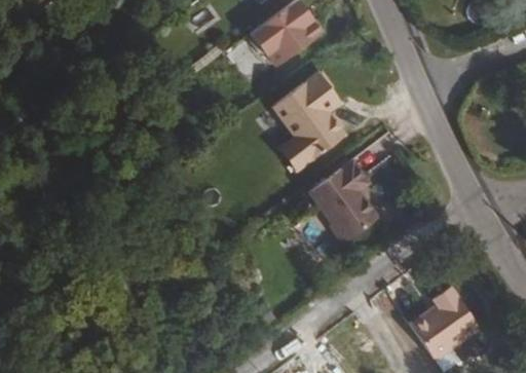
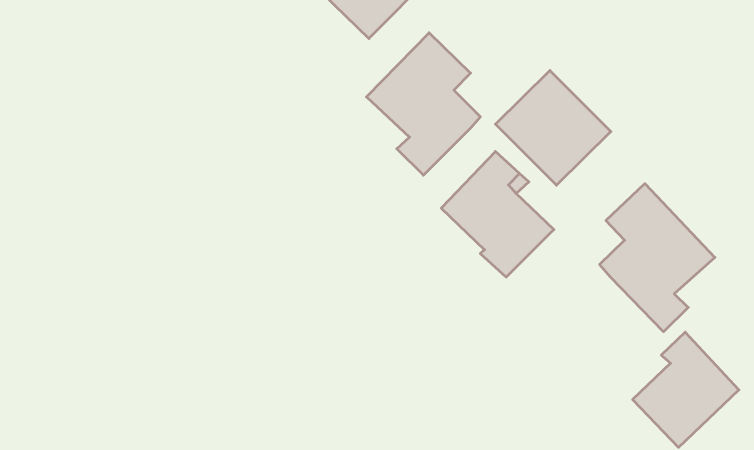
building: none -> [495,70,611,185]
building: none -> [600,184,715,332]

